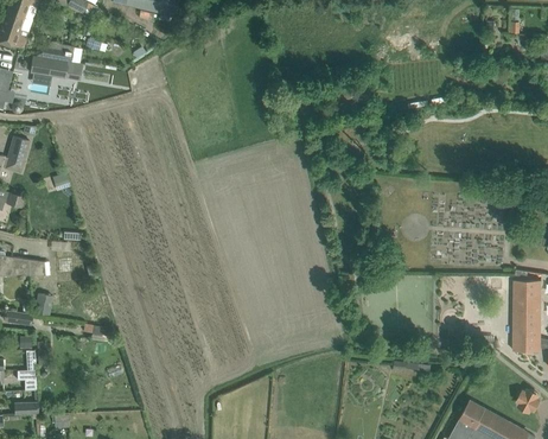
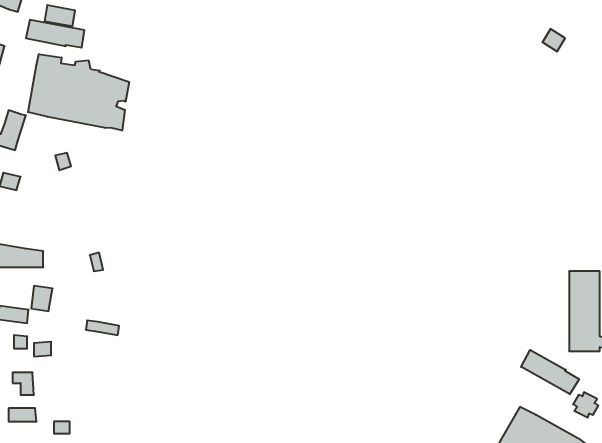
building: none -> [28,54,129,131]
building: none -> [521,350,579,394]

